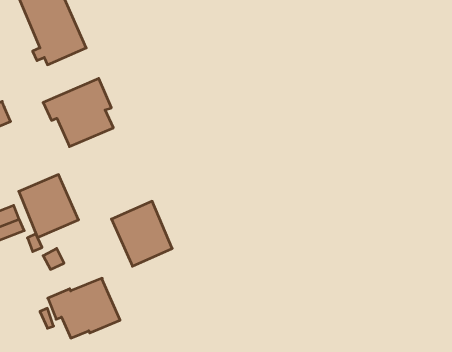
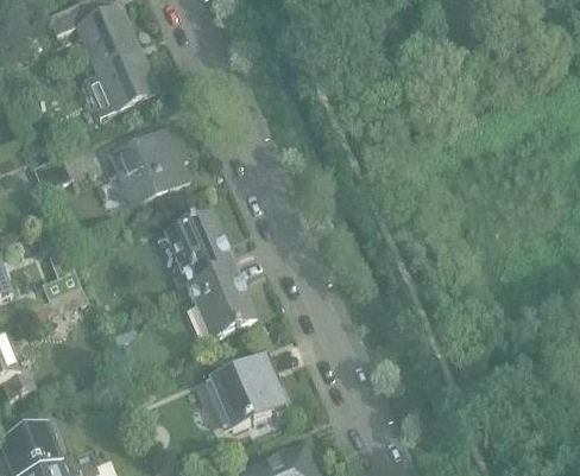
building: [19,175,79,238] -> [163,211,231,283]
building: [48,278,120,338] -> [202,357,284,425]

